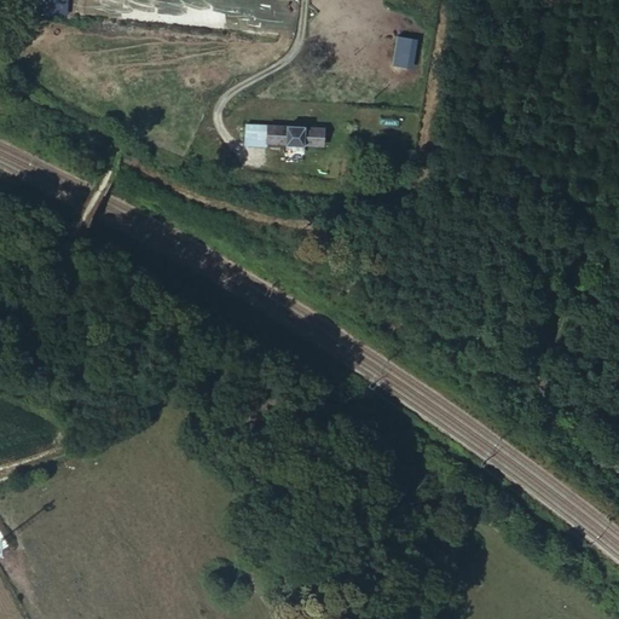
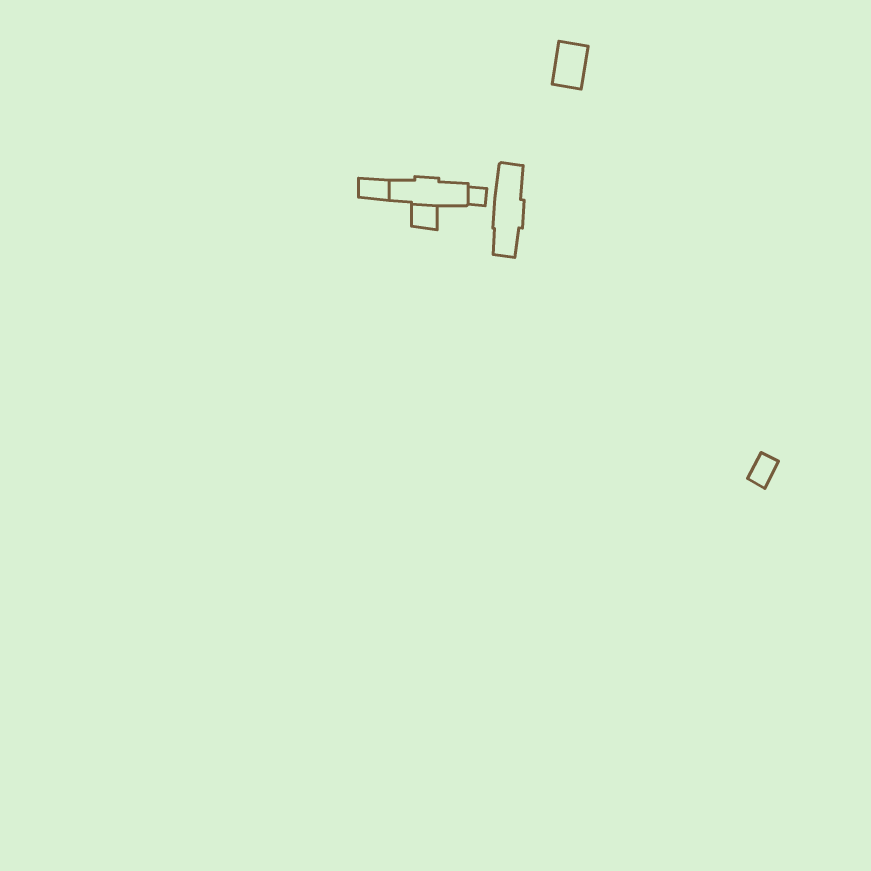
building: none -> [493,163,524,257]

